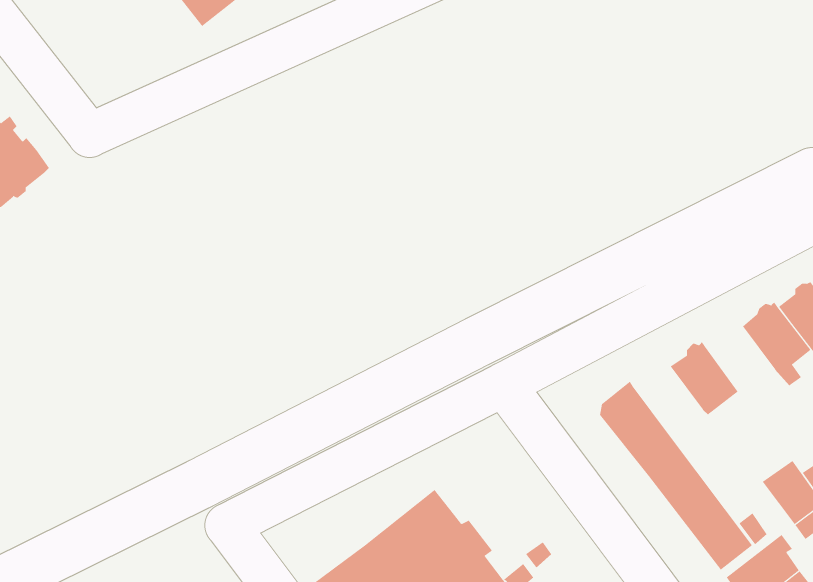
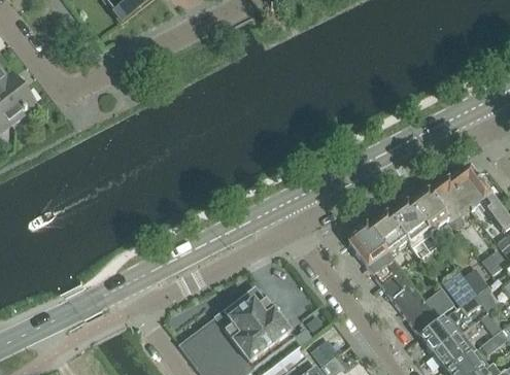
building: none -> [410,190,449,232]
building: none -> [369,212,408,254]

